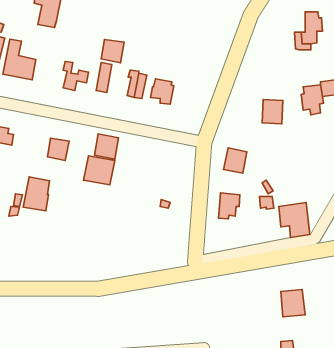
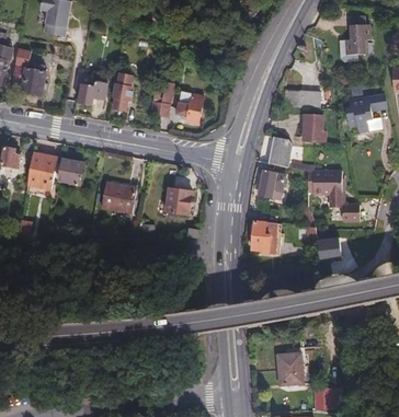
building: [101,39,124,63] -> none
building: none -> [283,91,319,107]
building: none -> [266,138,360,220]
building: [94,134,119,159] -> [164,187,192,216]
building: [23,177,50,211] -> [25,152,55,190]
building: [281,290,305,317] -> [275,354,303,384]

